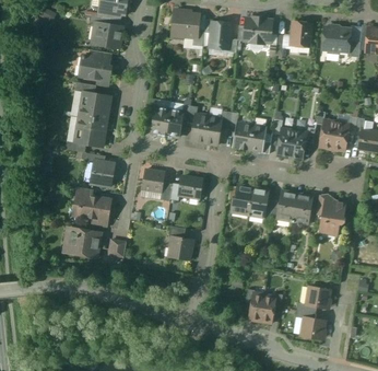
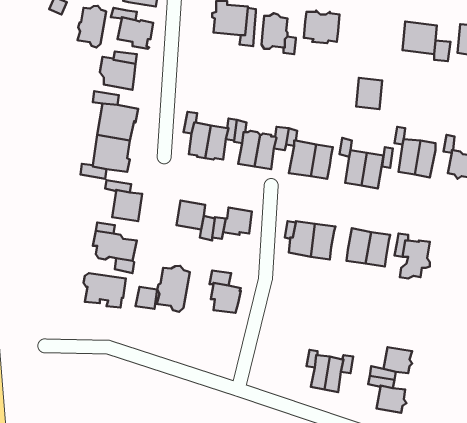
building: none -> [78,6,106,47]
building: [291,22,311,47] -> [356,78,382,109]
building: none -> [157,266,190,312]

